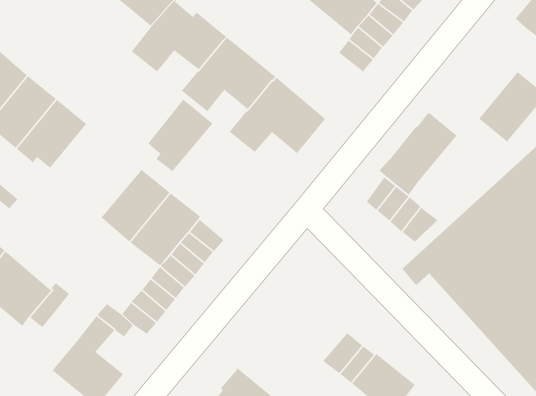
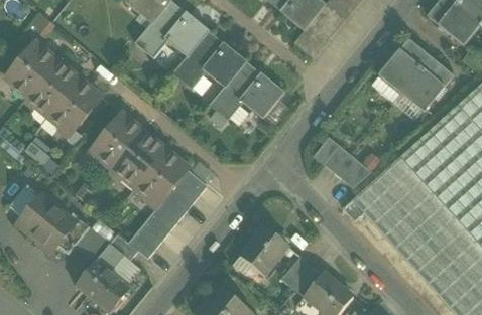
building: [147,98,213,172] -> [93,112,143,168]
building: [378,112,458,196] -> [370,38,431,103]
building: none -> [242,222,289,272]
building: none -> [74,226,109,262]

